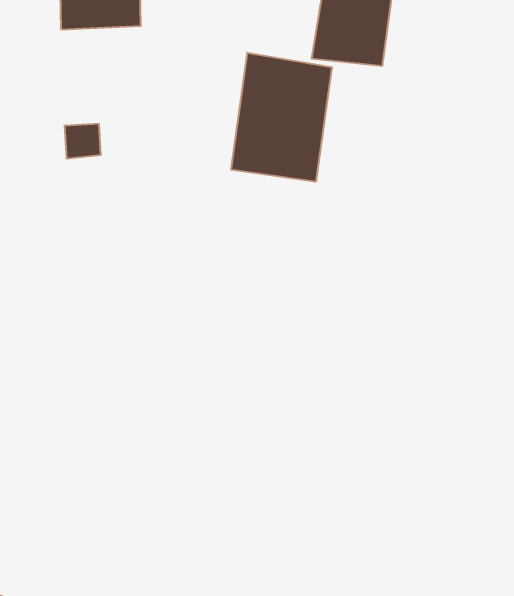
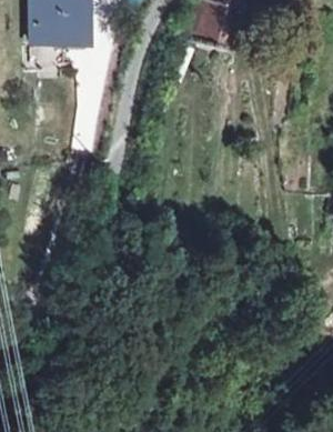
building: [231,53,332,182] -> none

